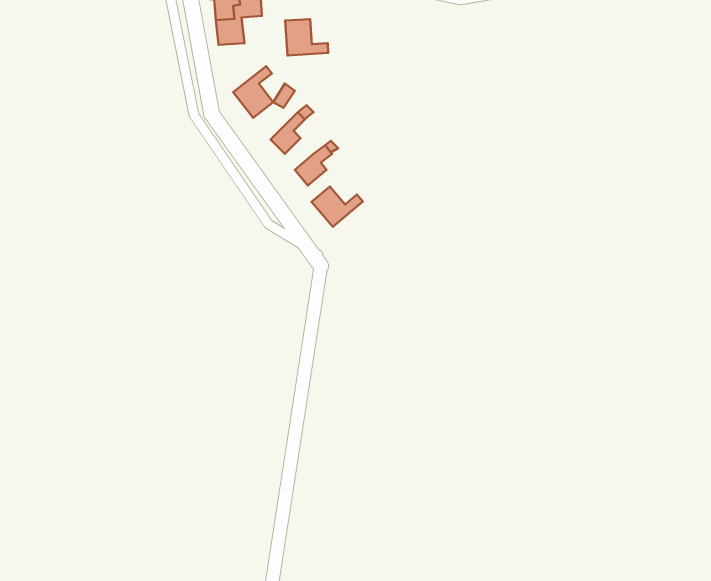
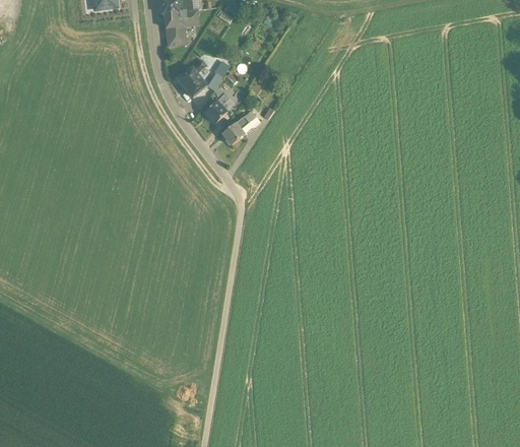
building: [285,19,328,56] -> none
building: [312,187,363,227] -> none

